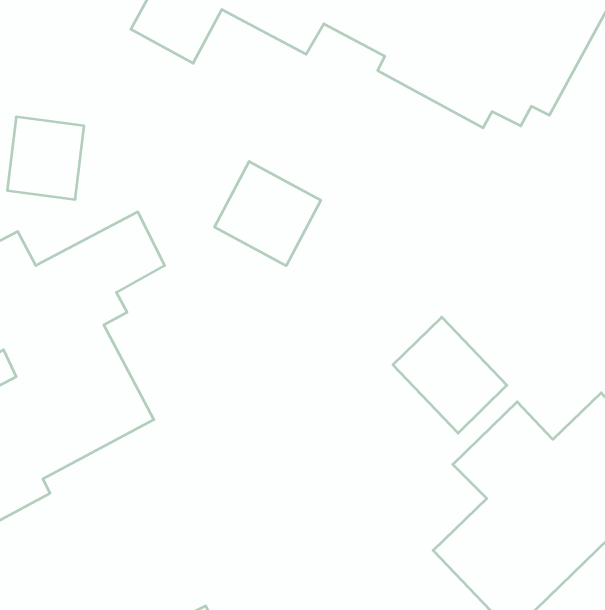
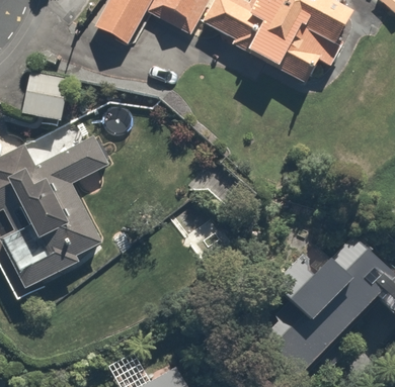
building: [215,161,321,266] -> none
building: [393,317,507,433] -> none

